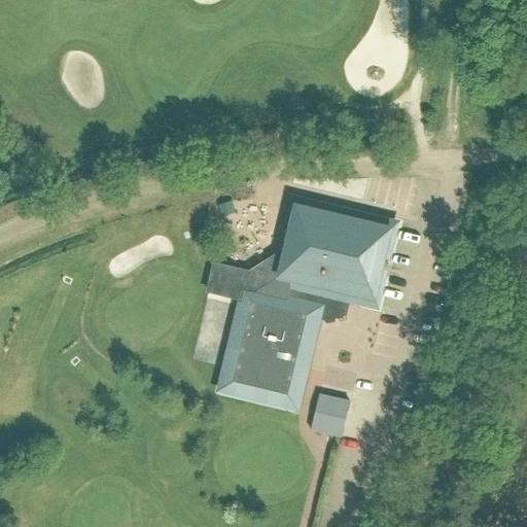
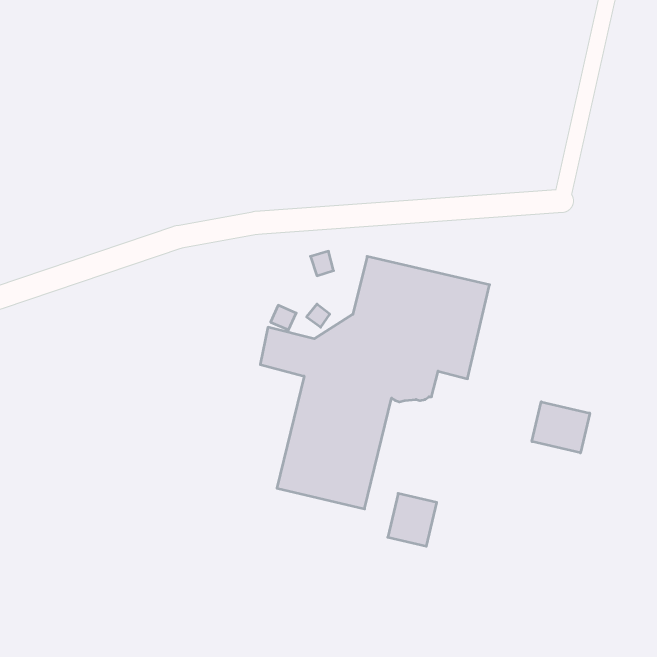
building: none -> [532,402,590,453]

